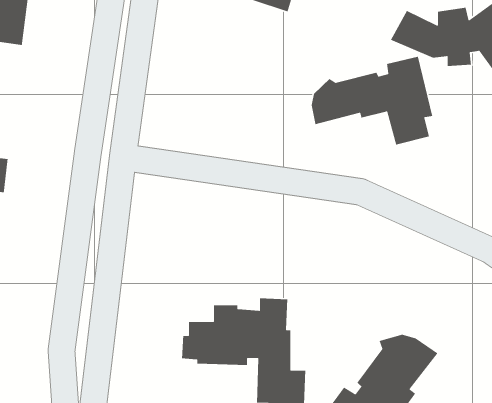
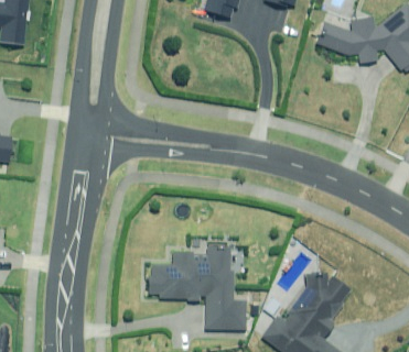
building: [311,56,433,146] -> none

